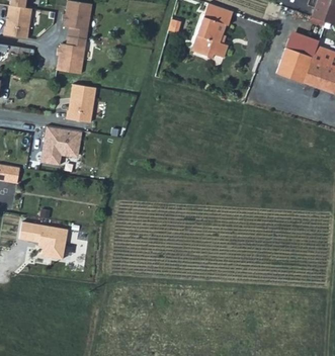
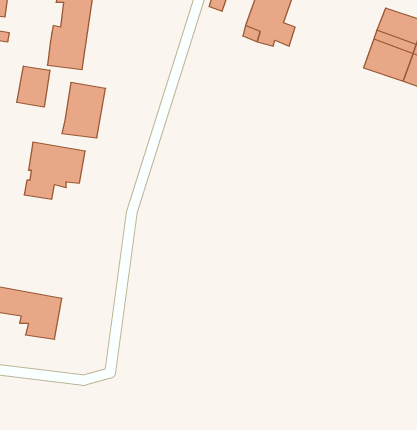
building: none -> [17,66,50,107]

